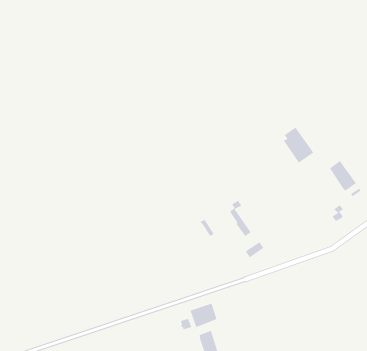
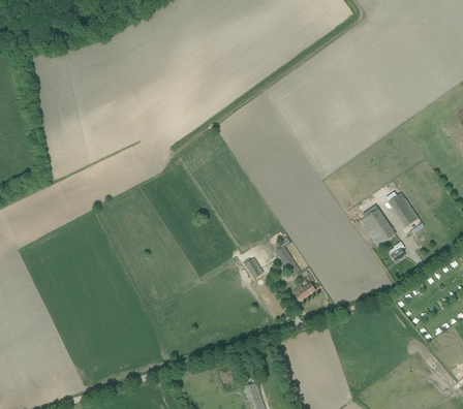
building: [283,127,314,164] -> [362,205,397,246]
building: [190,303,217,328] -> none

